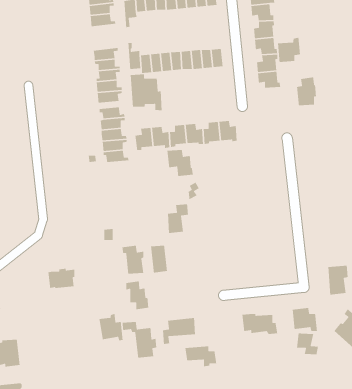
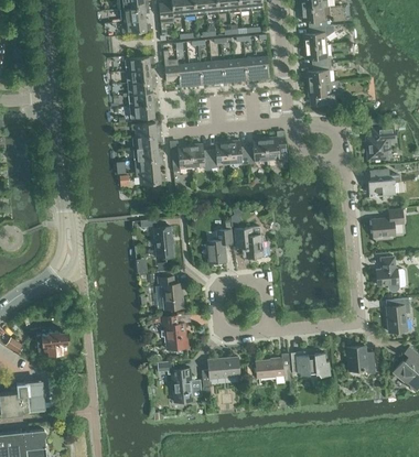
building: [277,37,301,63] -> none
building: [130,73,163,111] -> none
building: [296,77,317,106] -> [366,127,389,160]
building: none -> [368,170,398,196]
building: [167,149,196,177] -> [234,228,267,259]
building: none -> [372,209,404,237]
building: none -> [376,257,398,292]
building: [150,245,168,274] -> [153,227,173,259]
building: [48,268,75,289] -> [36,331,67,355]
building: [99,313,124,341] -> none
building: [295,332,319,355] -> none
building: [184,345,217,367] -> [255,360,291,384]

